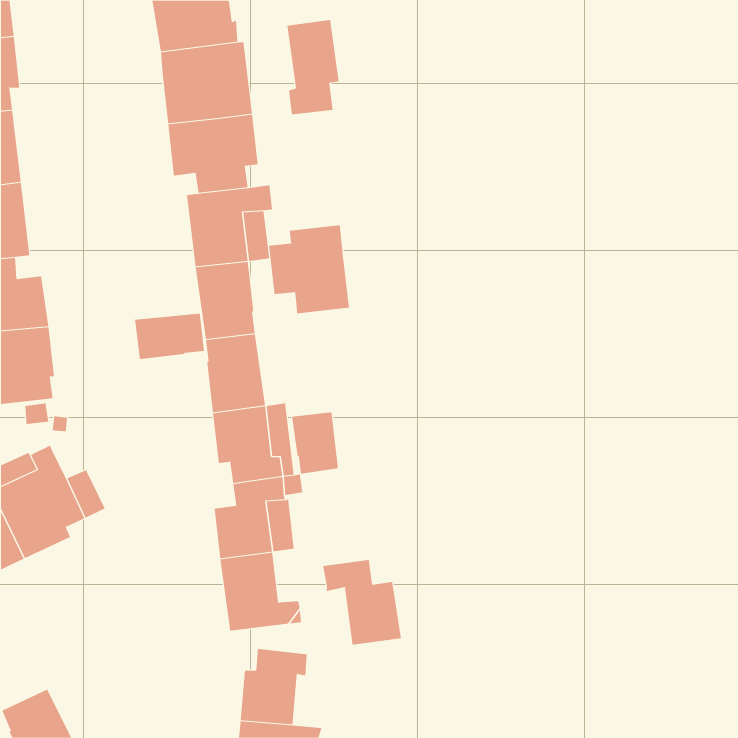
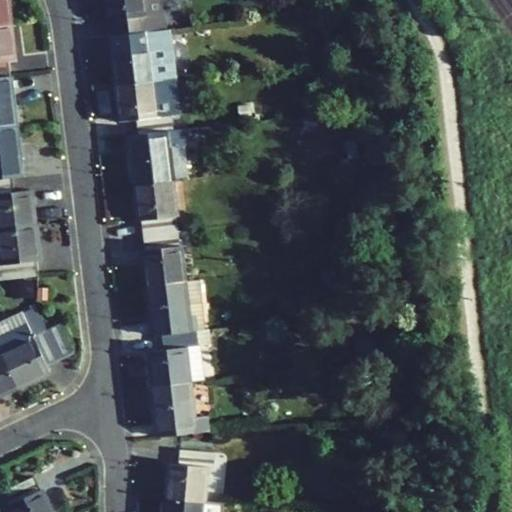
building: [287,19,339,115] -> none
building: [269,224,349,314] -> none
building: [135,313,204,360] -> none
building: [291,411,339,474] -> none
building: [322,559,401,646] -> none

